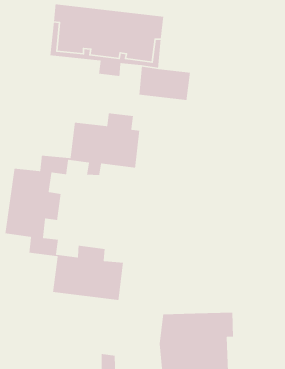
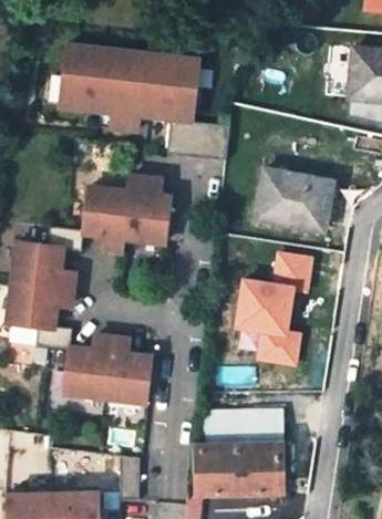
building: none -> [255,172,331,231]
building: none -> [233,256,313,373]

